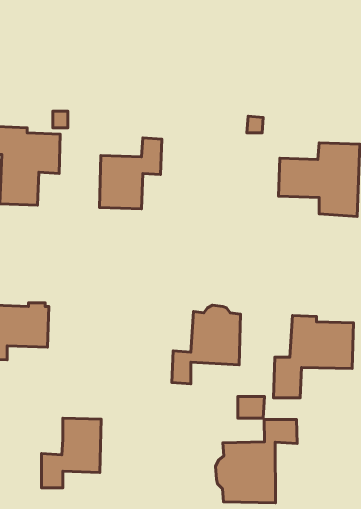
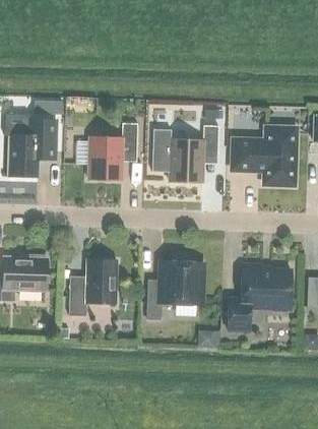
building: none -> [151,125,219,182]
building: [41,418,101,488] -> [69,259,117,315]
building: [216,420,297,503] -> none

